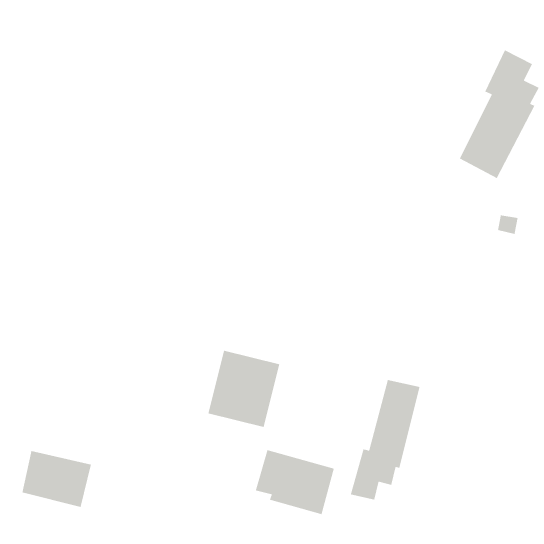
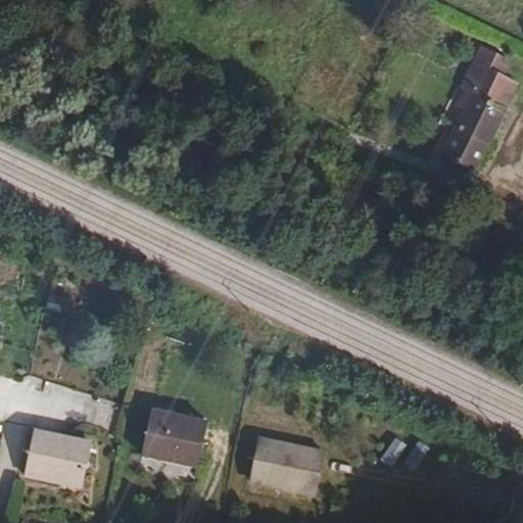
building: [208,350,280,428] -> [135,406,204,480]
building: [350,379,420,500] -> none

